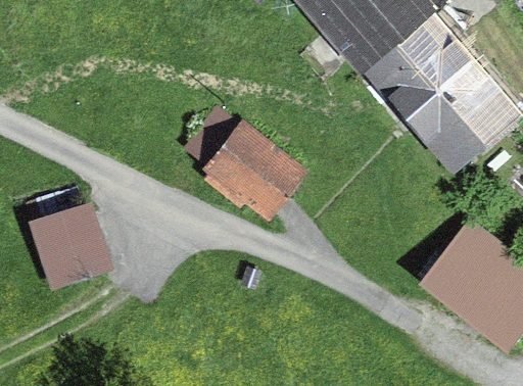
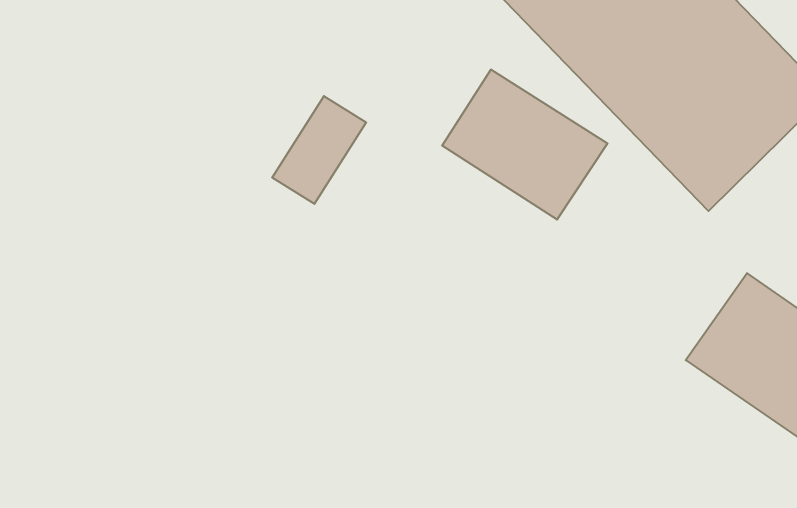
building: [208,129,310,224] -> [442,70,608,220]
building: [20,201,107,286] -> none

